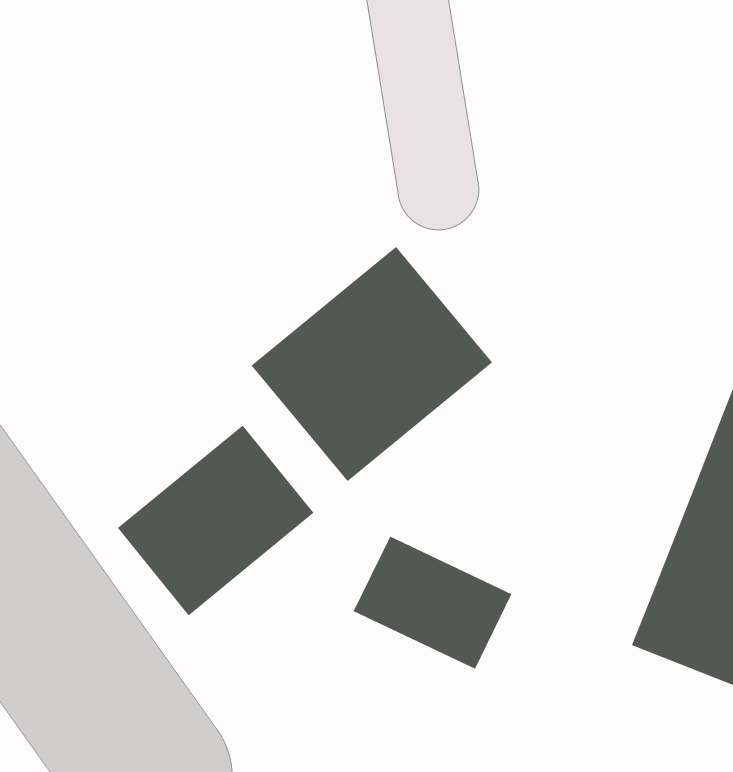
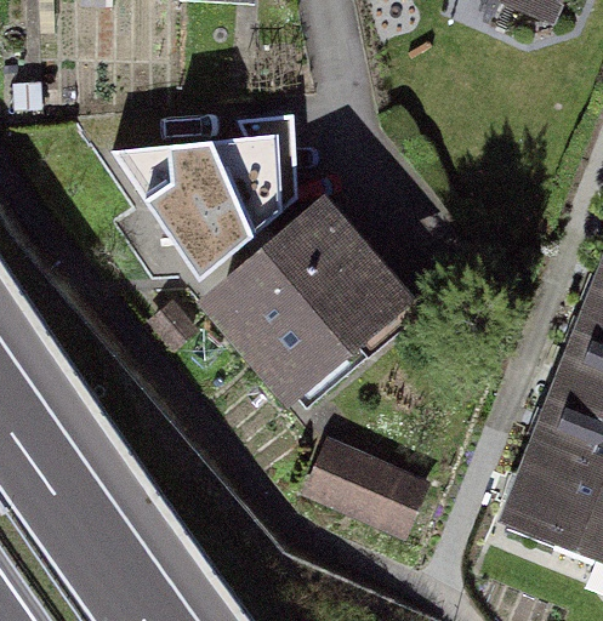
building: none -> [114,121,294,280]
building: [117,424,314,616] -> none

